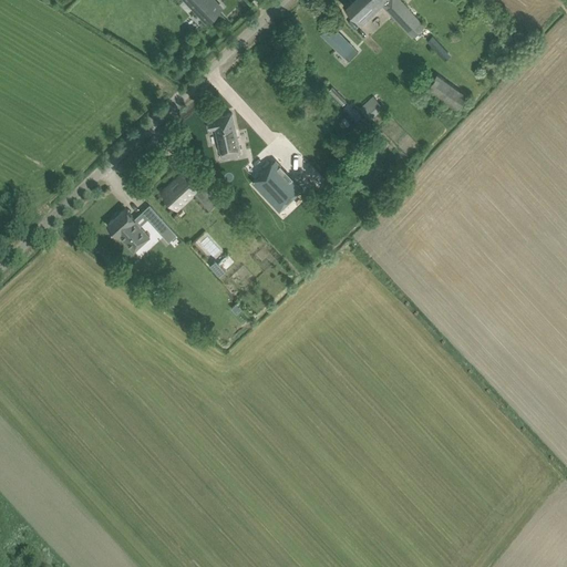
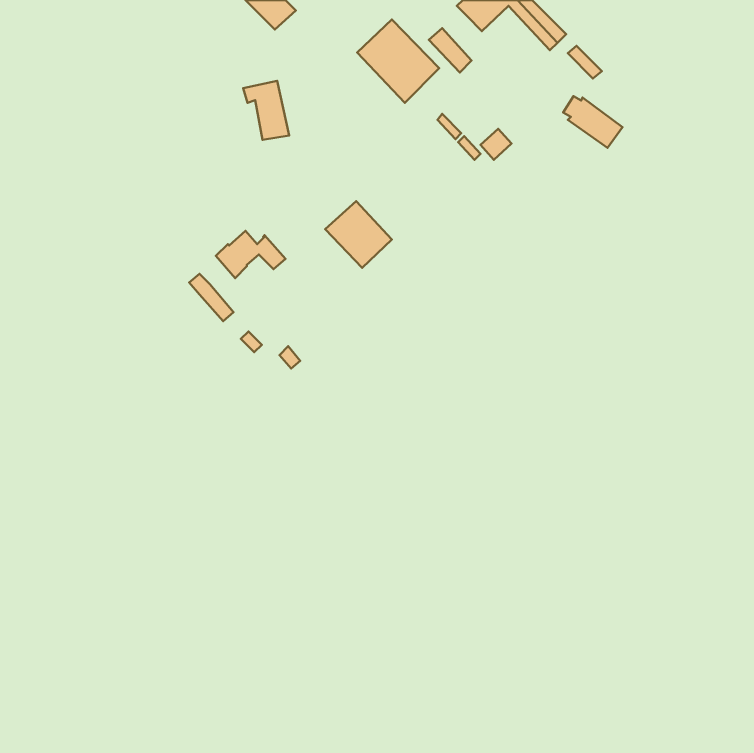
building: none -> [357,20,439,103]
building: [206,115,240,159] -> [243,81,289,140]
building: [106,209,150,254] -> none

